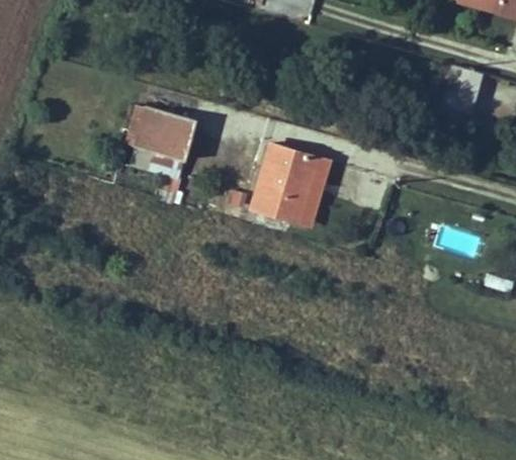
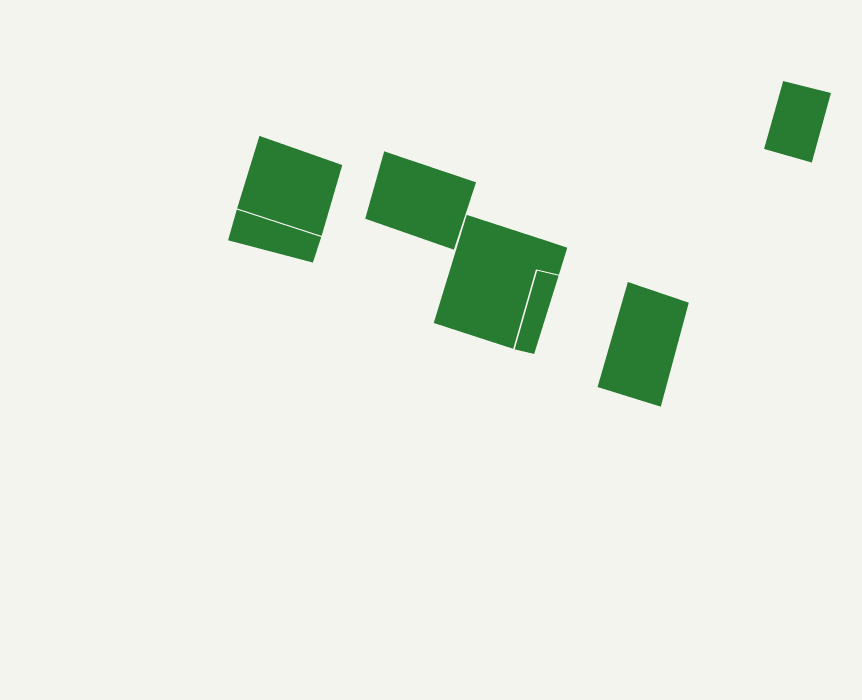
building: none -> [364,151,477,251]
building: none -> [597,281,690,407]

